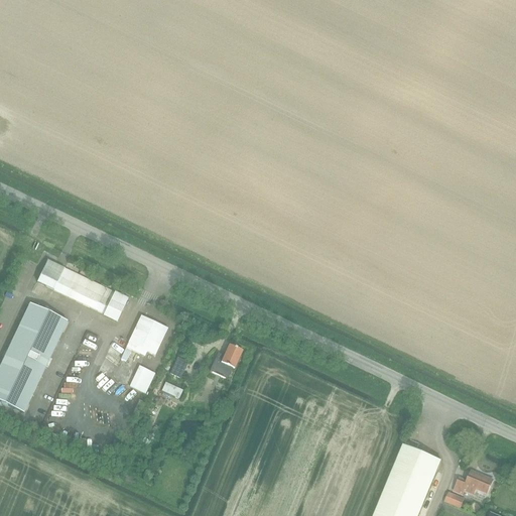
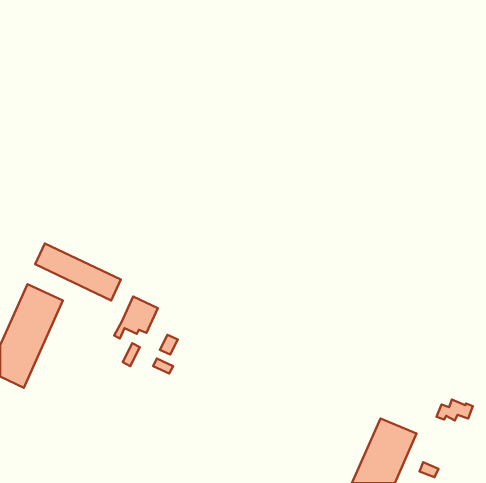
building: [210,343,243,378] -> none
building: [455,471,493,493] -> [437,400,473,421]

